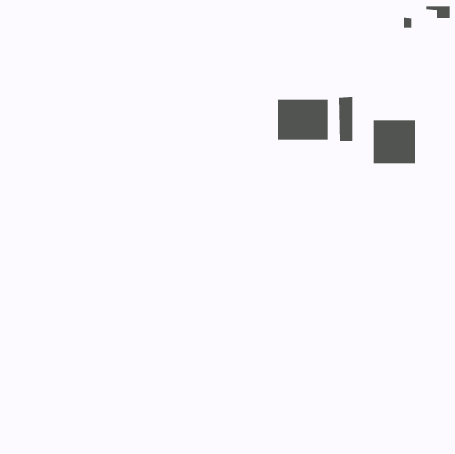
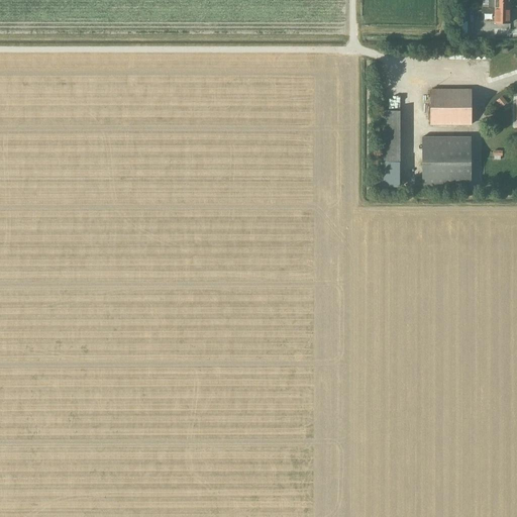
building: none -> [431,88,472,123]
building: [277,99,328,141] -> none

